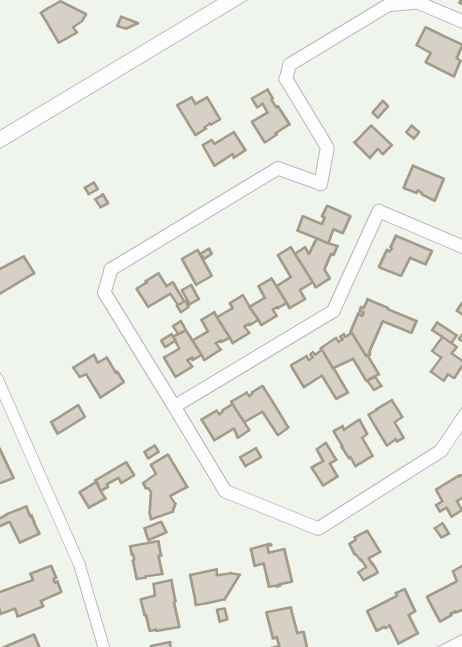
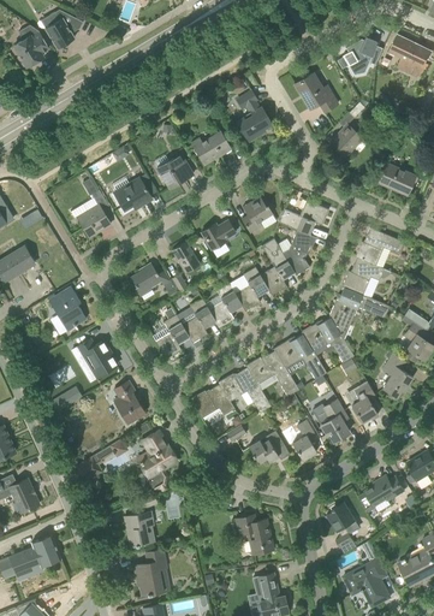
building: none -> [14,24,49,66]
building: none -> [343,35,379,69]
building: none -> [295,73,337,112]
building: [177,97,220,135] -> [153,154,192,189]
building: none -> [113,173,156,211]
building: none -> [242,196,273,232]
building: none -> [71,203,111,235]
building: none -> [201,220,236,249]
building: none -> [341,257,391,295]
building: none -> [48,286,87,334]
building: none -> [245,350,298,396]
building: none -> [381,353,412,398]
building: none -> [114,380,144,424]
building: none -> [249,430,290,464]
building: none -> [358,475,404,509]
building: [190,569,240,605] -> none

